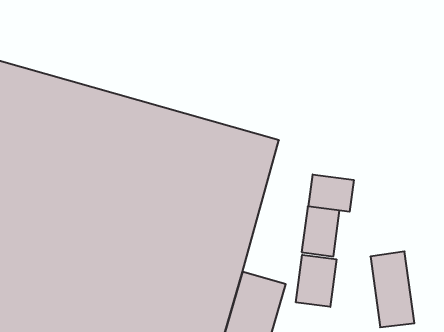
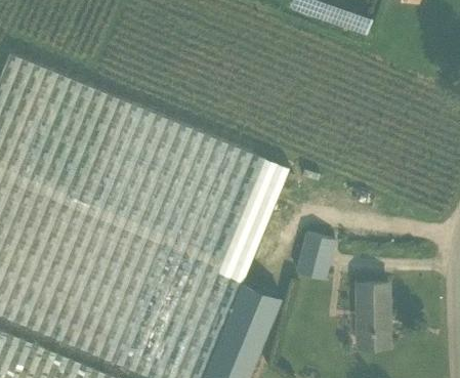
building: [309,174,354,212] -> none
building: [296,255,336,307] -> none

